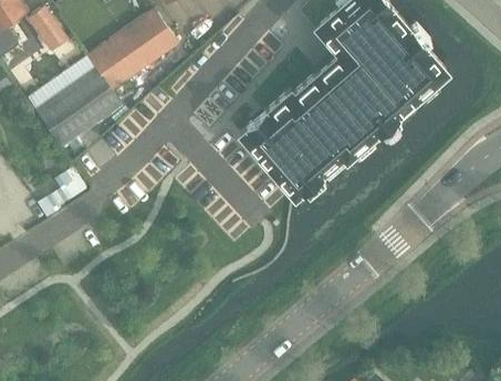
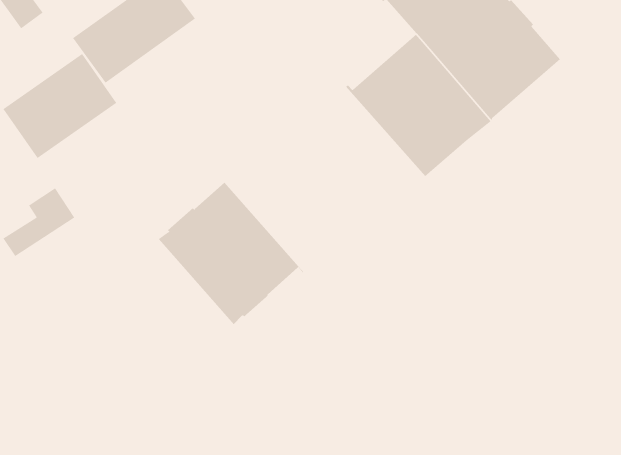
building: [240,92,347,197] -> [158,182,304,325]

